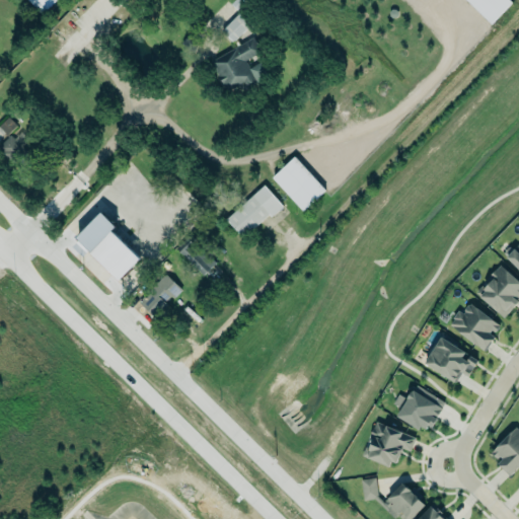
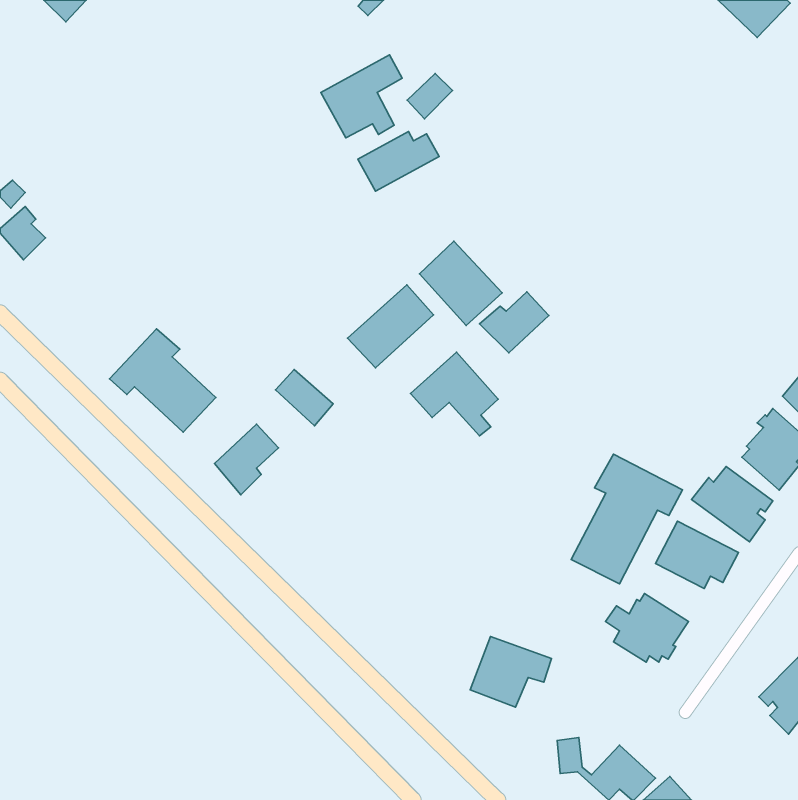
building: [222,13,251,43] -> [407,73,453,119]
building: none -> [358,131,439,191]
building: none -> [480,292,549,353]
building: none -> [410,352,498,436]
building: none -> [571,454,683,584]
building: [364,422,417,467] -> [470,637,552,707]

